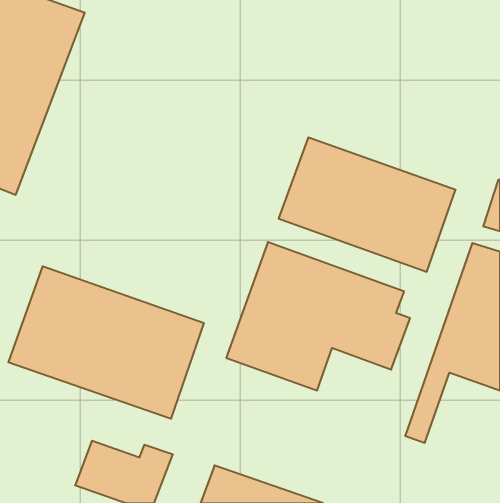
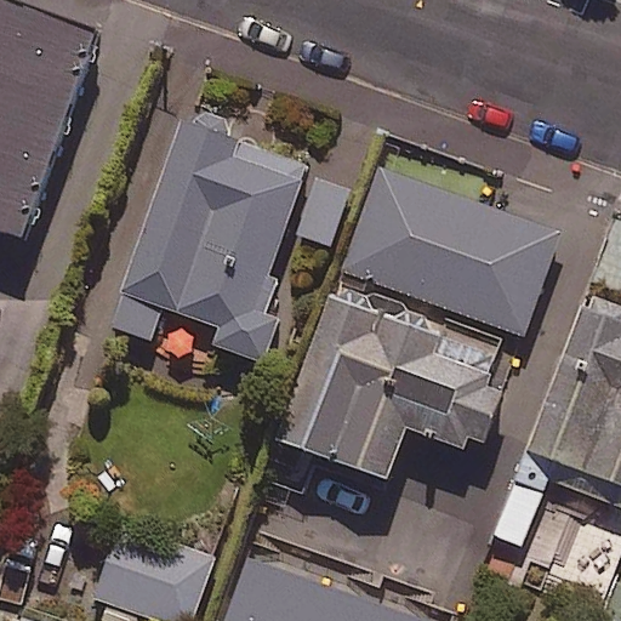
building: none -> [114,123,346,360]
building: [8,266,204,419] -> none

